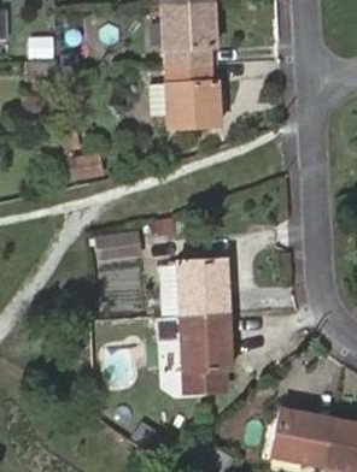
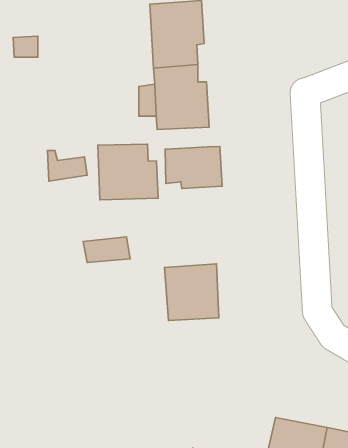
building: none -> [98,144,158,200]
building: none -> [165,146,222,188]
building: [158,312,232,391] -> none

